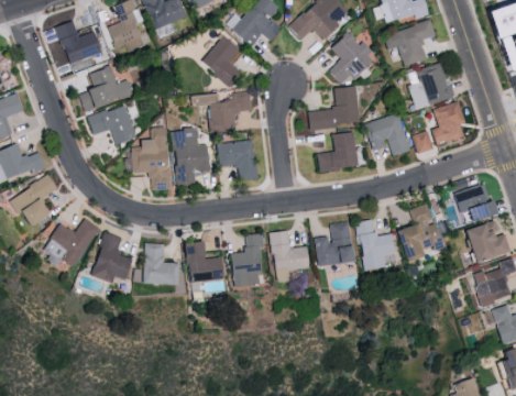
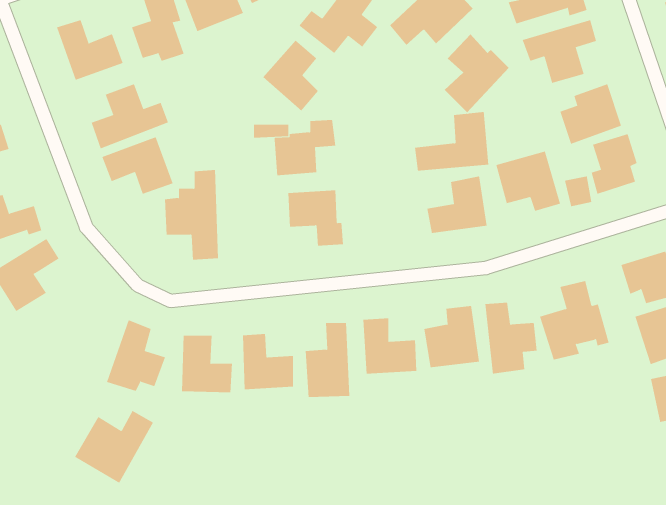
building: [173,129,208,185] -> none
building: [43,218,99,270] -> [74,410,154,484]

